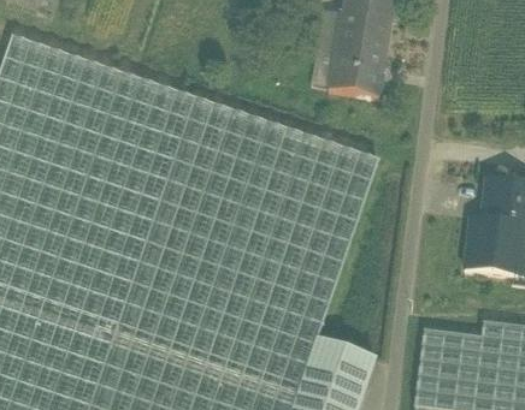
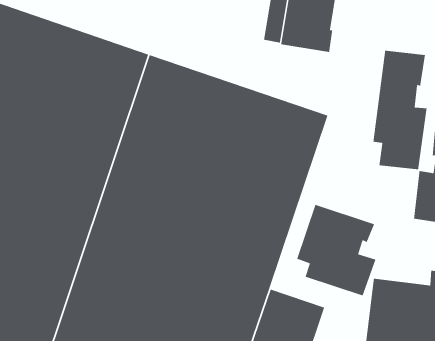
building: none -> [373,50,427,170]
building: none -> [296,204,377,297]

